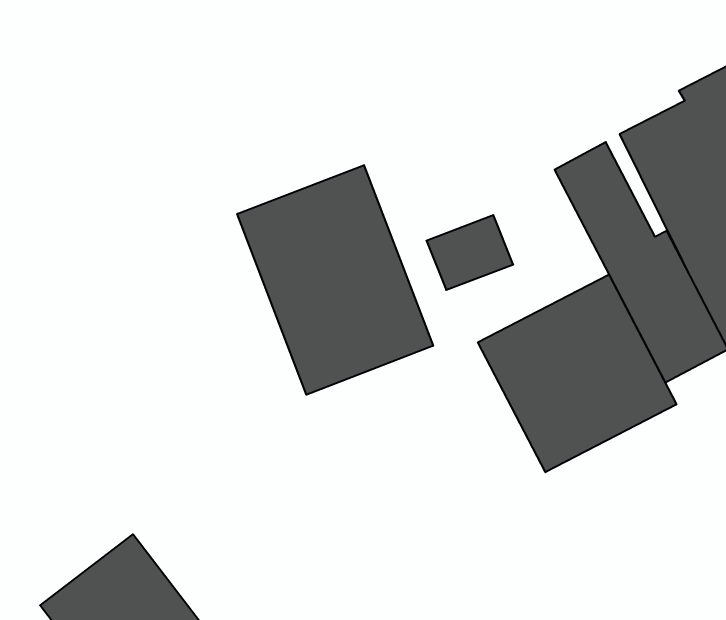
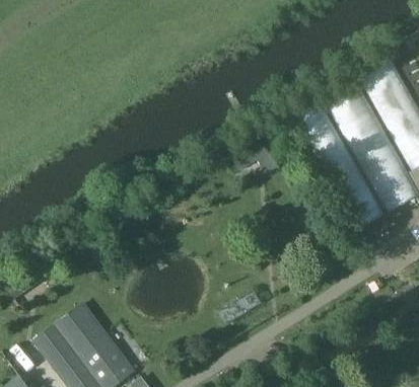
building: [237,165,433,395] -> none
building: [478,274,676,472] -> none

